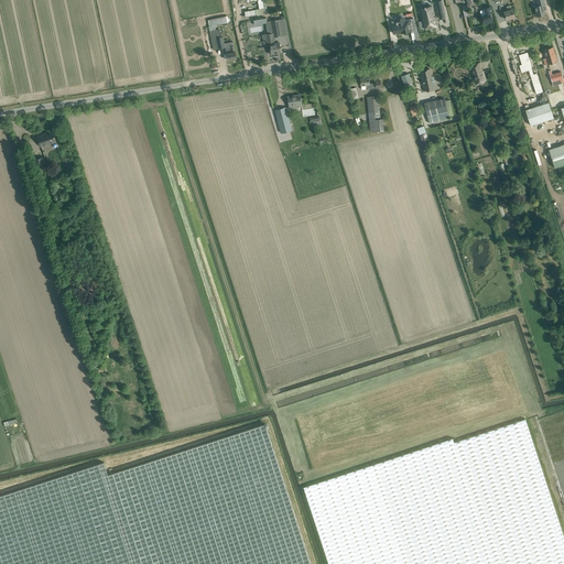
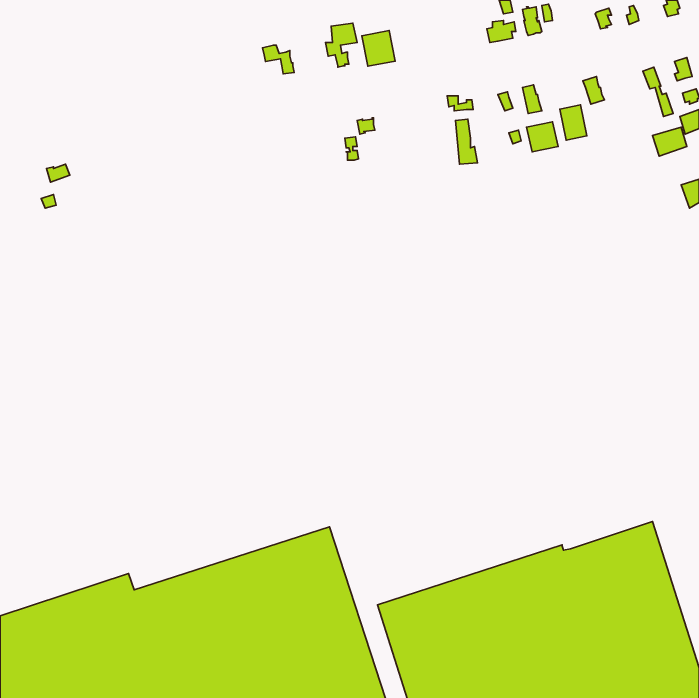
building: none -> [362,31,395,66]
building: none -> [560,105,587,140]

